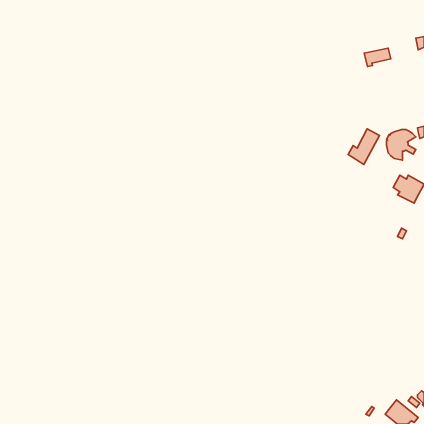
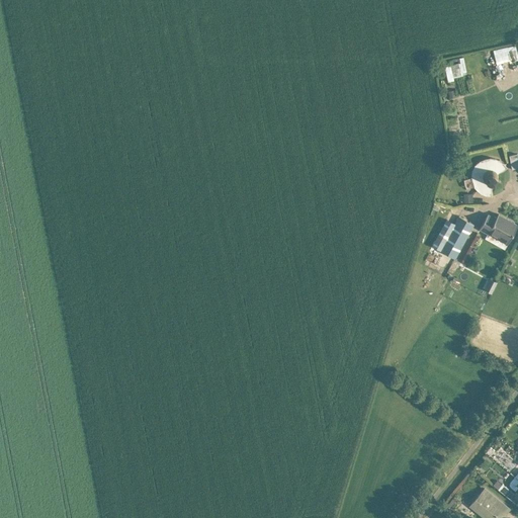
building: [348,129,380,165] -> [435,215,473,259]

